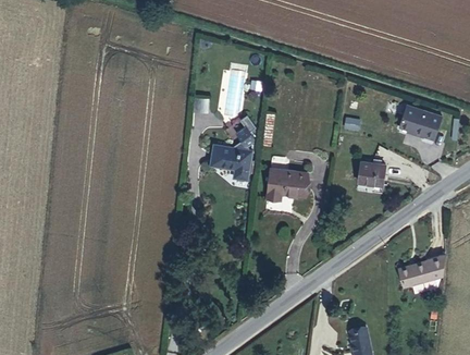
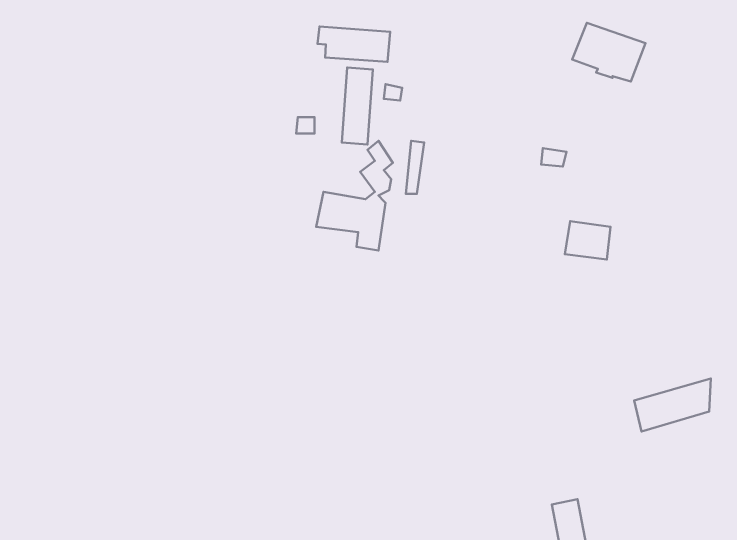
building: none -> [318,27,390,62]
building: [398,106,442,140] -> [572,23,645,81]
building: [267,169,307,200] -> none

